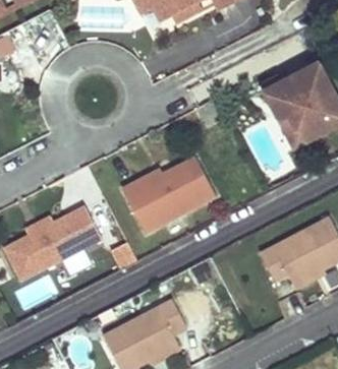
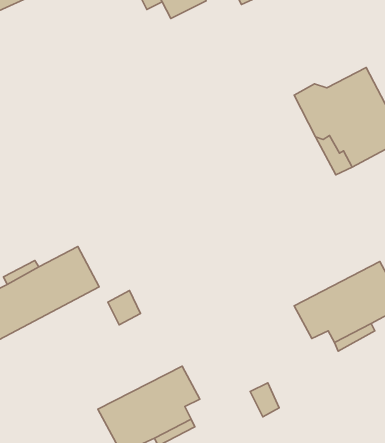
building: [121,156,216,231] -> none

